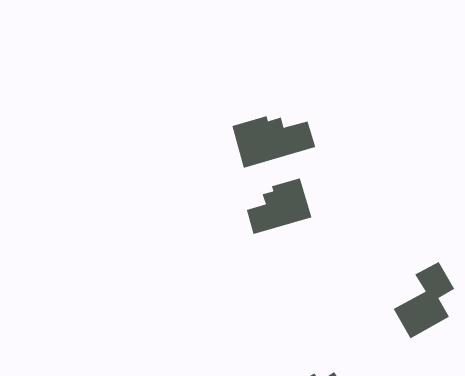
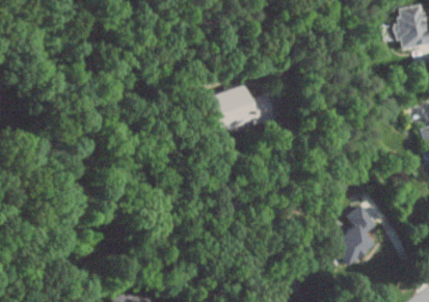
building: [246,178,312,235] -> none

